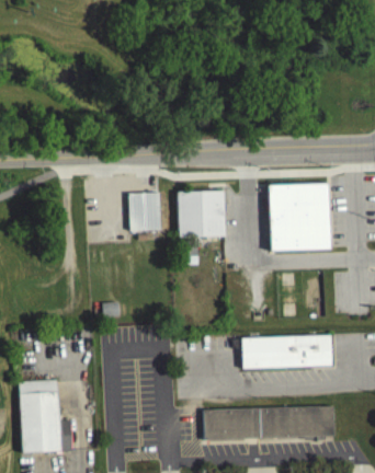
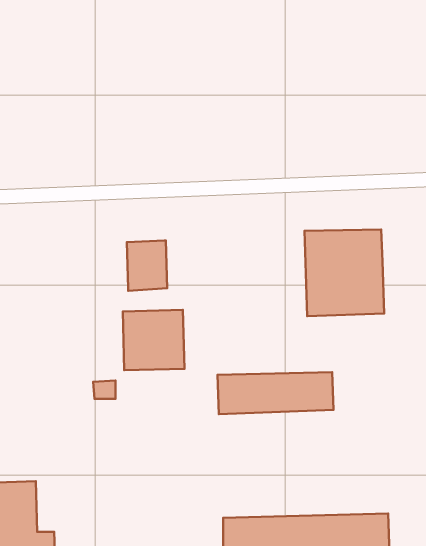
building: [178,191,226,238] -> [123,310,184,370]
building: [242,336,333,369] -> [217,372,334,414]

